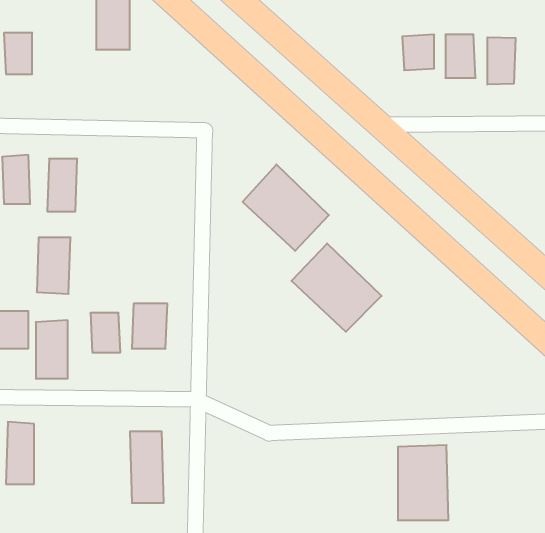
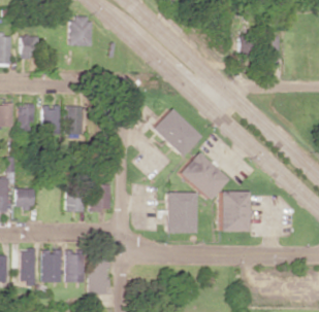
building: [487,37,516,85] -> none
building: [37,237,71,294] -> [67,106,86,137]
building: none -> [166,192,195,233]
building: [36,320,68,379] -> [43,249,61,281]
building: none -> [66,252,84,282]
building: [398,445,448,520] -> [221,190,249,232]

